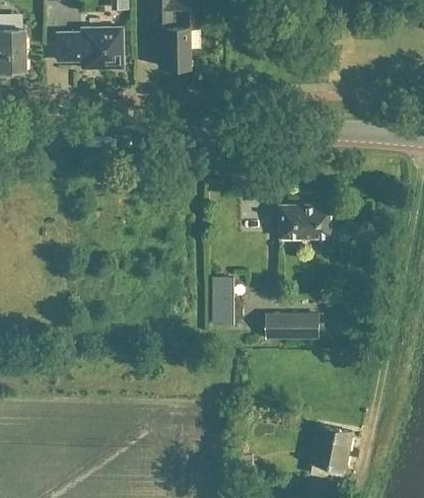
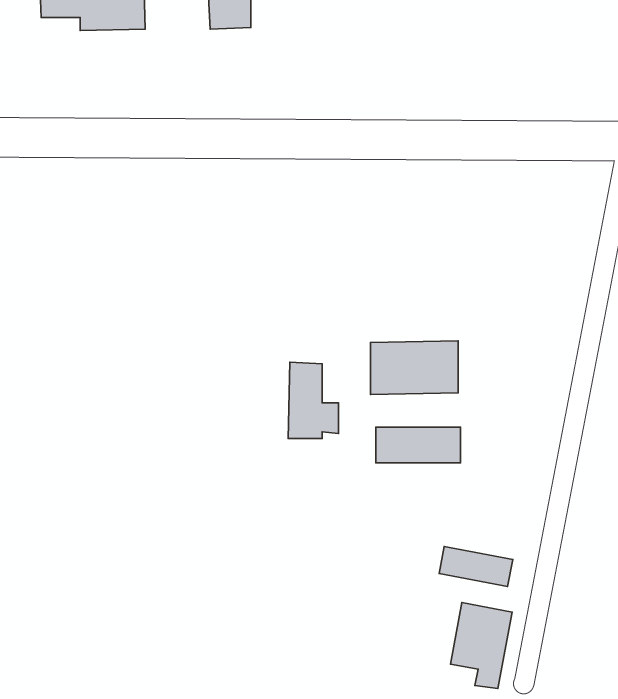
building: [280,204,335,237] -> [370,341,458,395]
building: none -> [439,546,513,587]

